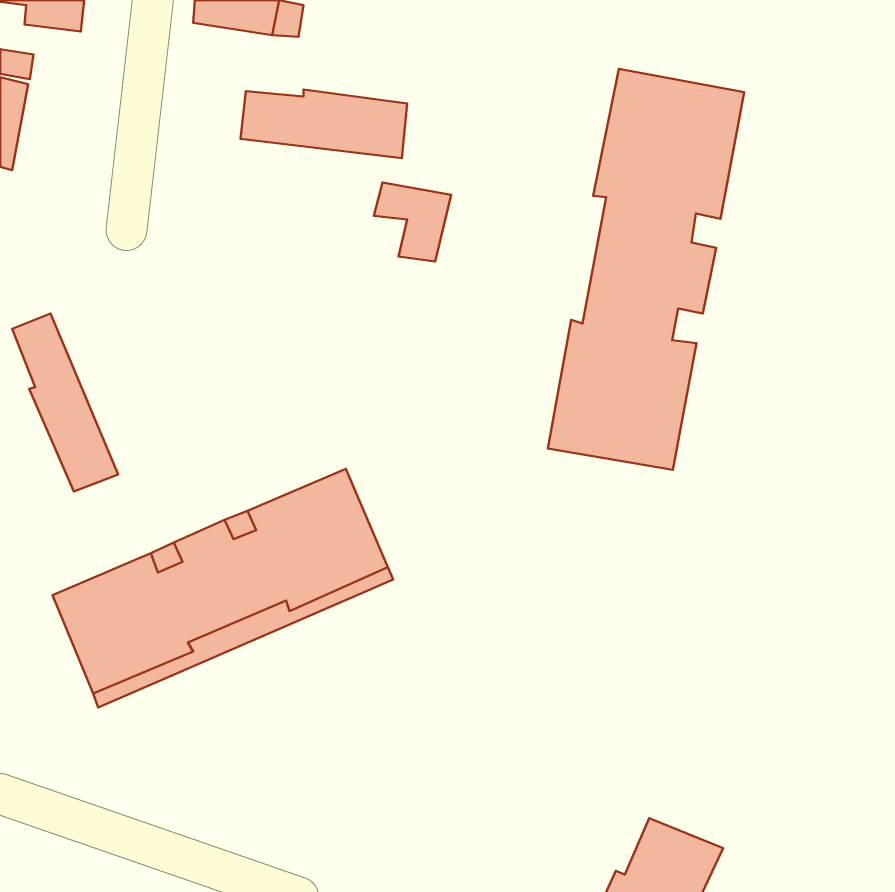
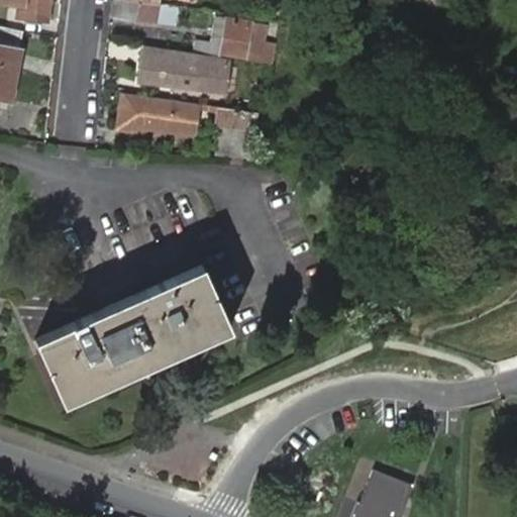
building: none -> [197,17,278,64]
building: [548,69,744,470] -> none
building: none -> [119,93,200,136]
building: [12,313,118,492] -> none

